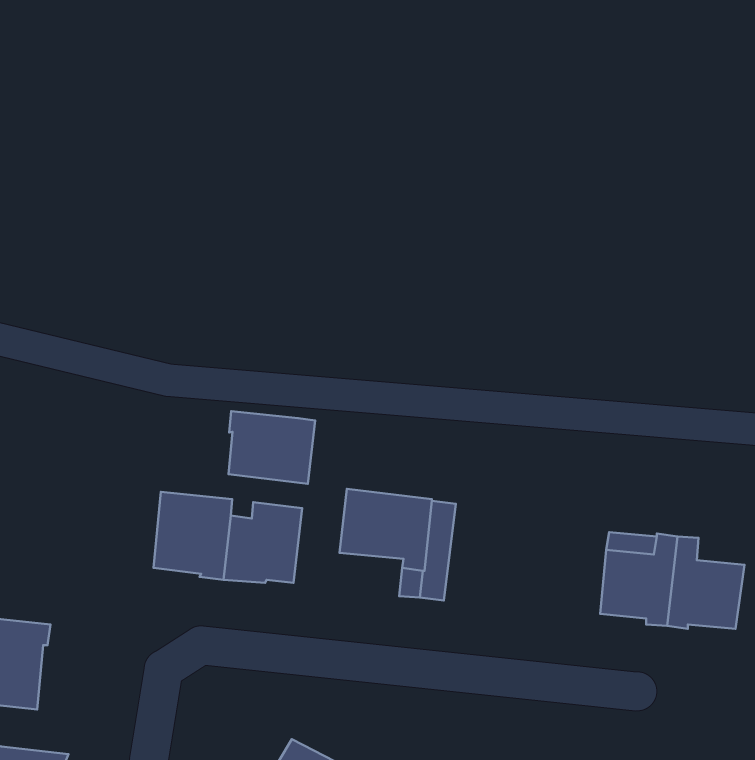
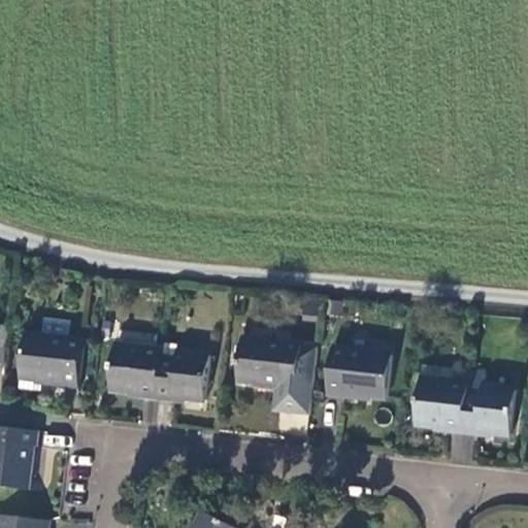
building: [229,411,315,484] -> none
building: none -> [16,320,82,392]
building: none -> [326,350,391,398]

